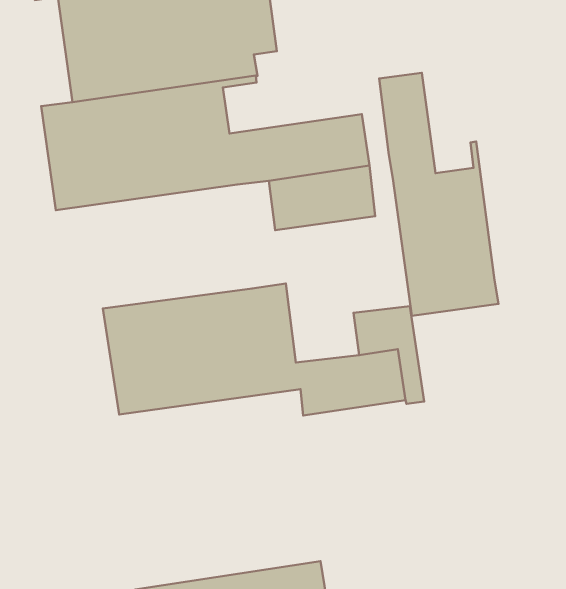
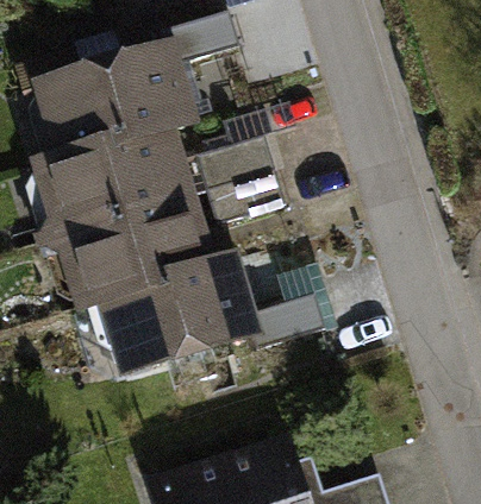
building: [379,73,498,316] -> none
building: none -> [67,199,211,305]

